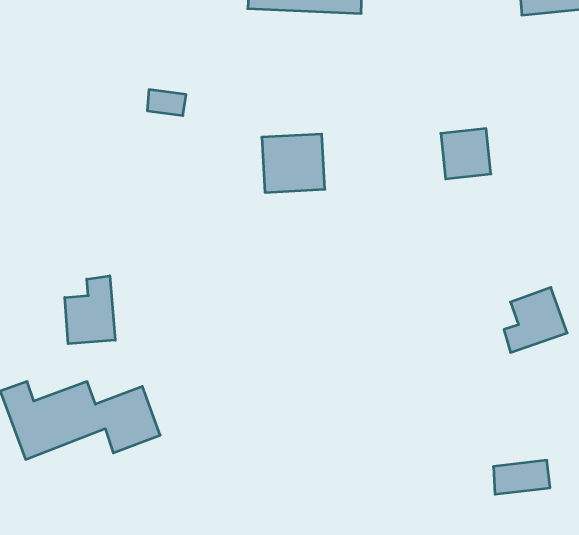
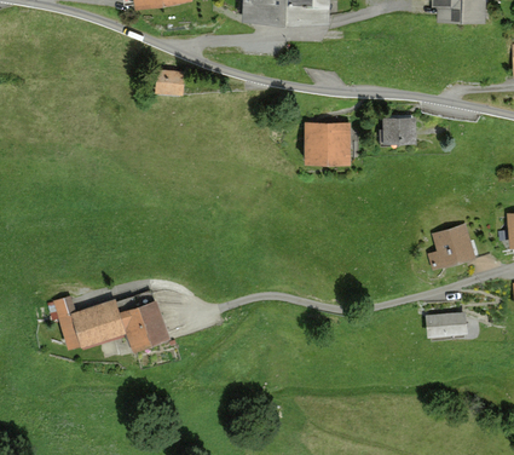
building: [262,134,325,192] -> [307,121,354,165]
building: [65,276,115,344] -> none
building: [493,460,550,494] -> [428,312,470,338]

